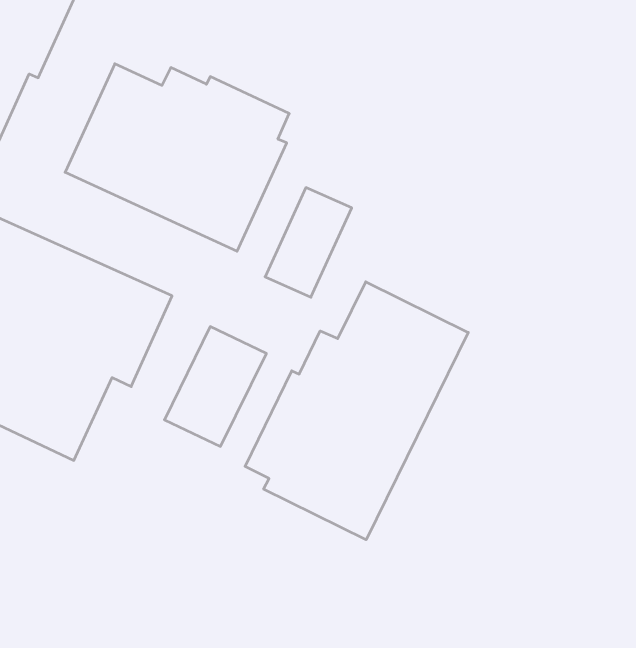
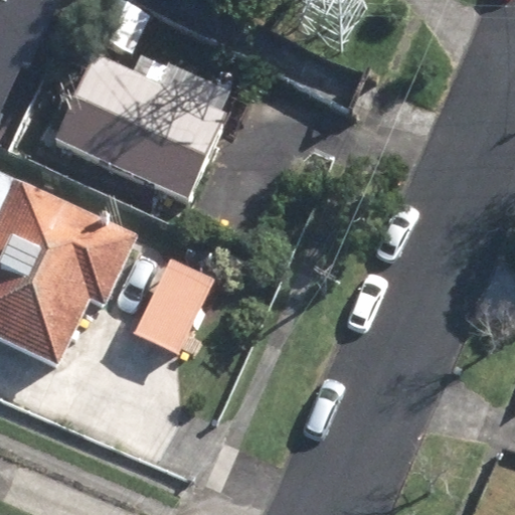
building: [245,282,468,540] -> none

